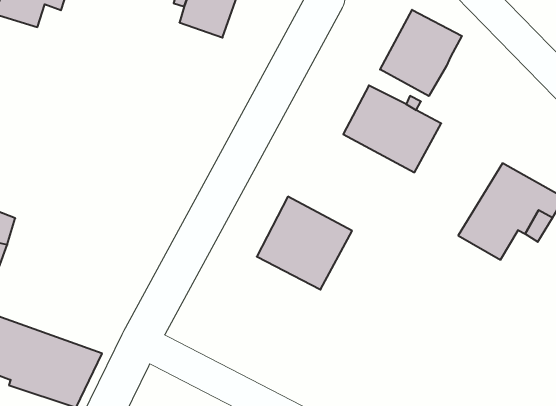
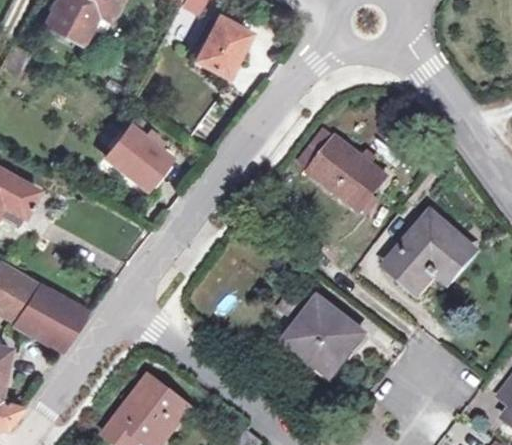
building: [380,10,462,96] -> none
building: none -> [105,115,172,189]
building: [257,197,352,290] -> [284,297,363,375]

